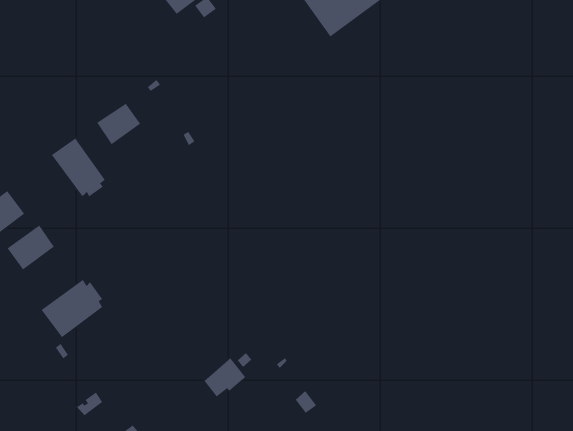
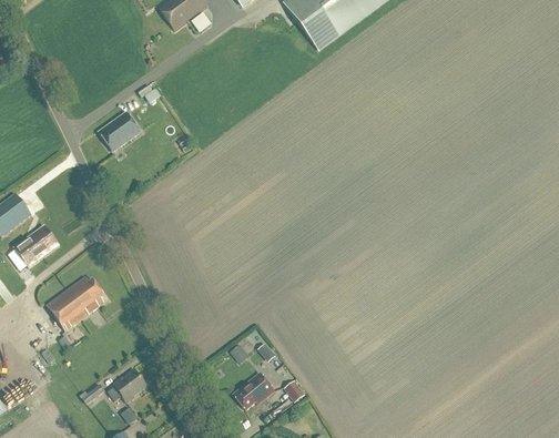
building: [51,137,105,198] -> none
building: [203,357,246,397] -> [233,371,273,409]
building: none -> [106,368,145,401]

